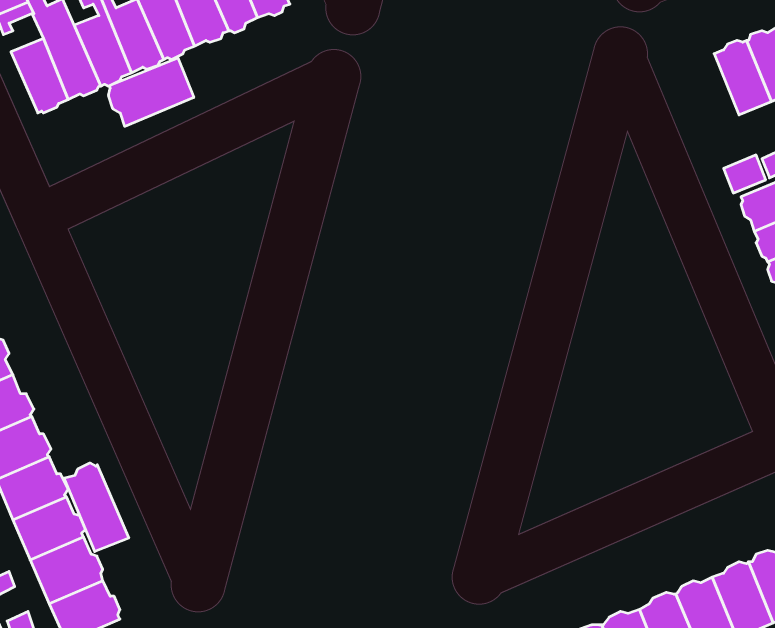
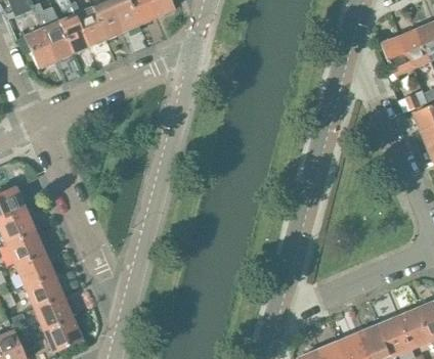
building: none -> [384,36,414,76]
building: [109,58,194,126] -> none
building: [63,463,129,552] -> none

